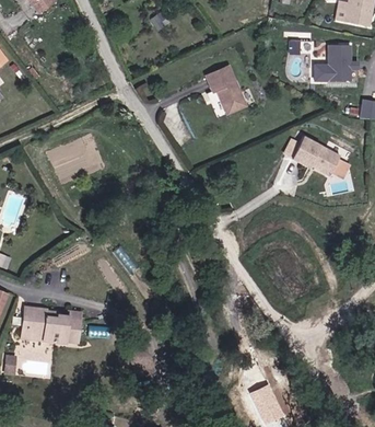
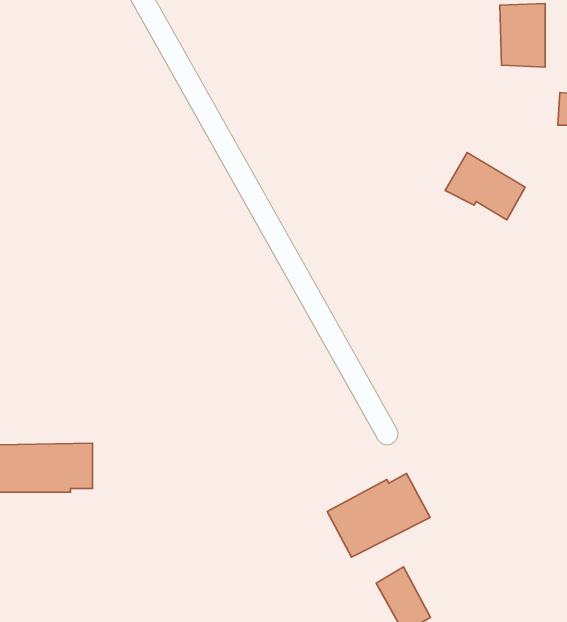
building: [199,60,238,105] -> none
building: none -> [327,474,430,557]

